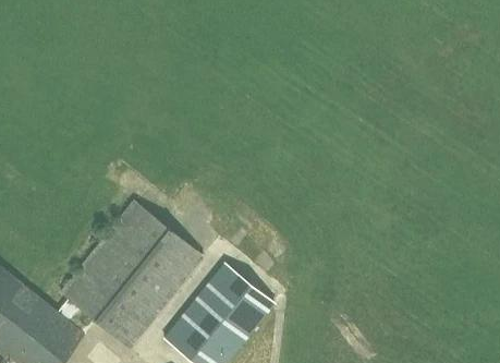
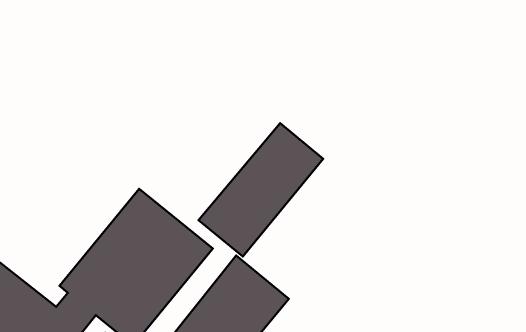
building: none -> [199,123,323,256]

